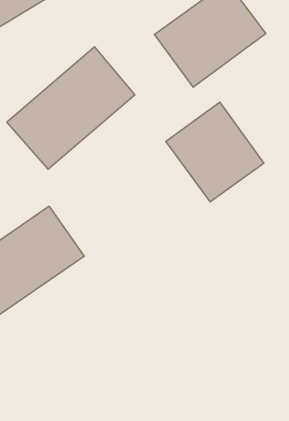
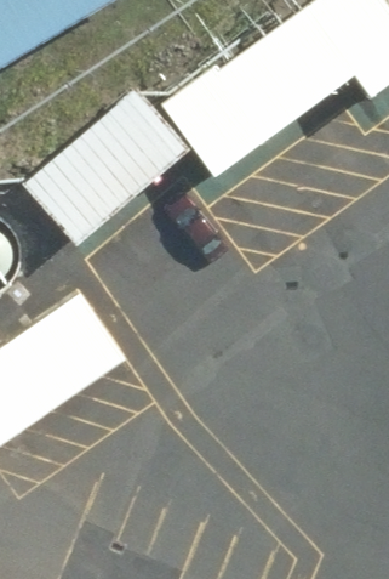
building: [166,102,264,202] -> none

